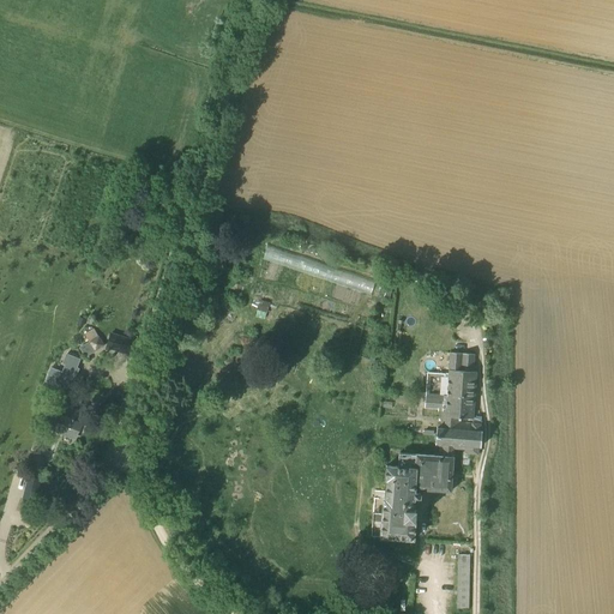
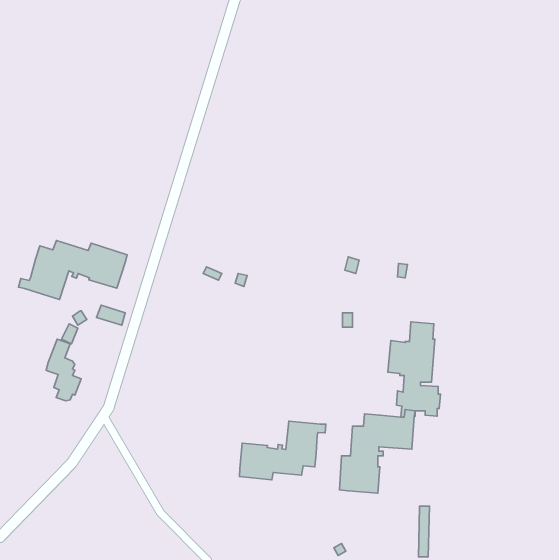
building: none -> [18,241,127,300]
building: none -> [239,421,326,480]

